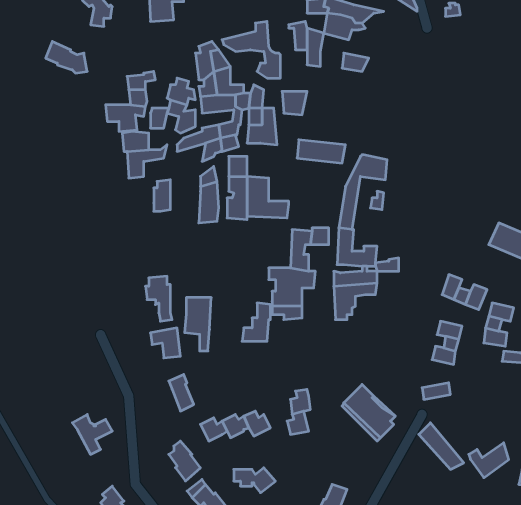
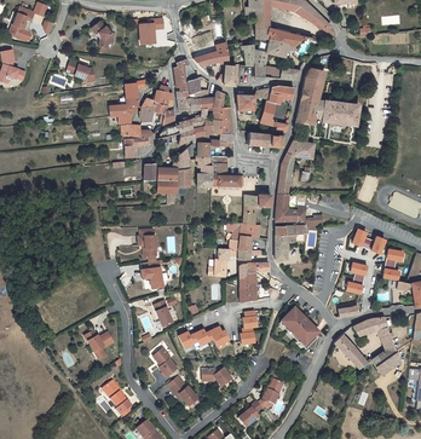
building: none -> [300,68,357,125]
building: none -> [261,85,294,125]
building: [185,298,211,351] -> [158,167,178,206]
building: none -> [240,262,270,301]
building: none -> [356,317,398,360]

